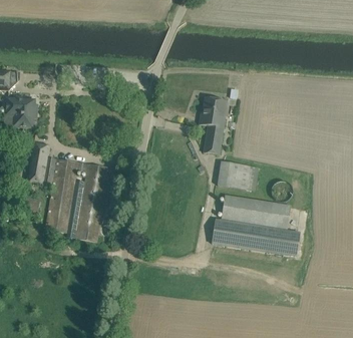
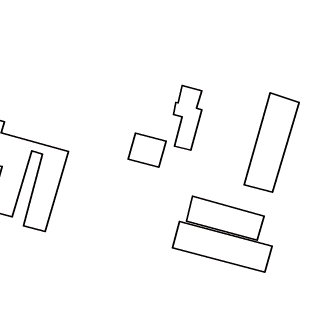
building: none -> [244,93,299,192]
building: [218,160,250,189] -> [128,133,166,167]

